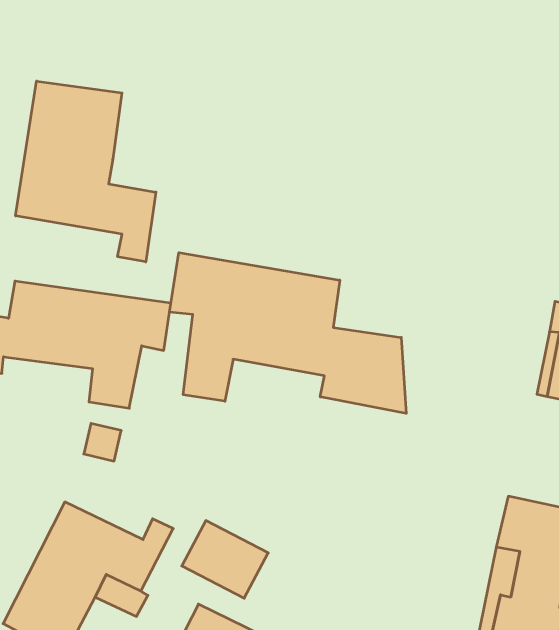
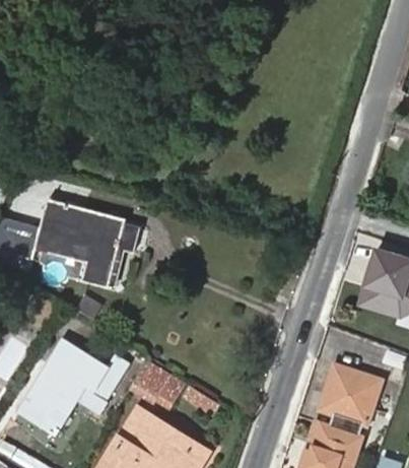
building: [16,81,156,262] -> none
building: [170,253,406,413] -> none

